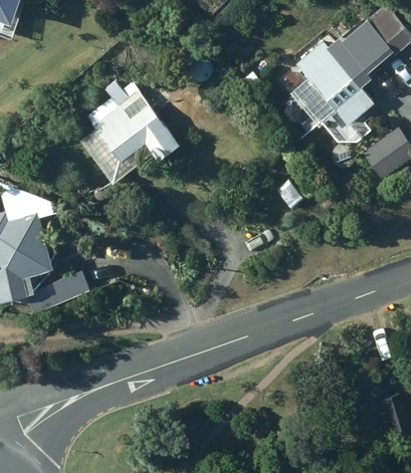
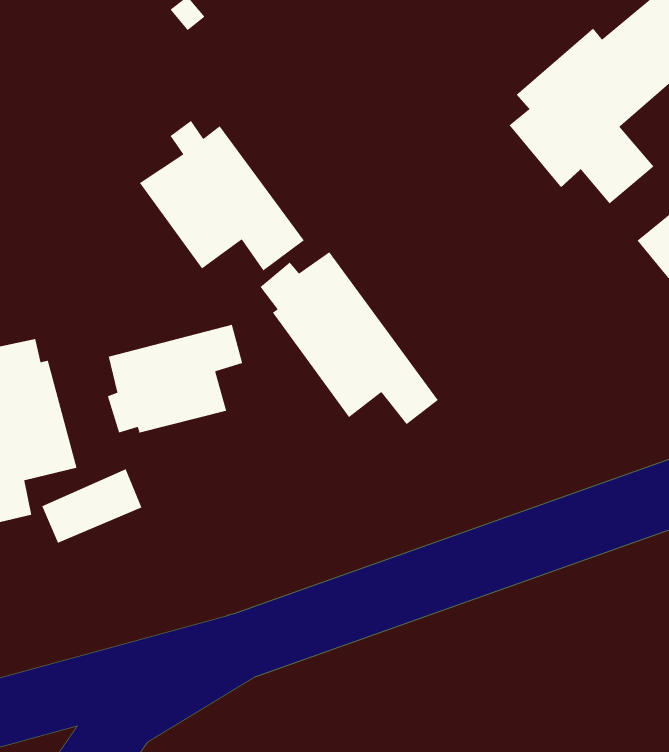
building: none -> [259,251,439,425]
building: none -> [107,324,243,433]

